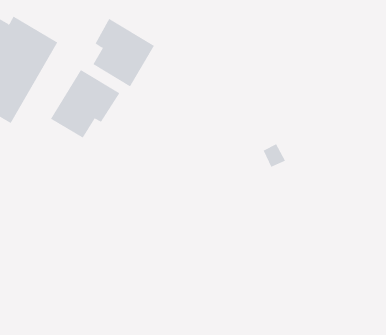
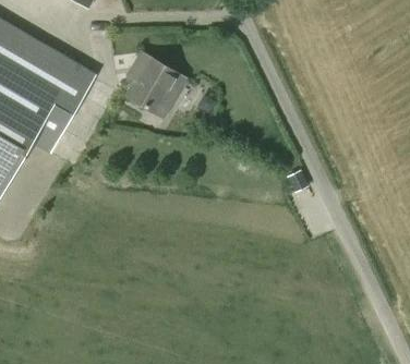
building: [50,69,120,139] -> none

